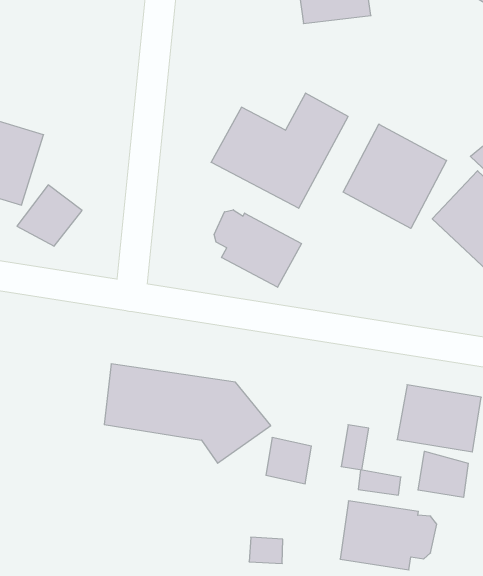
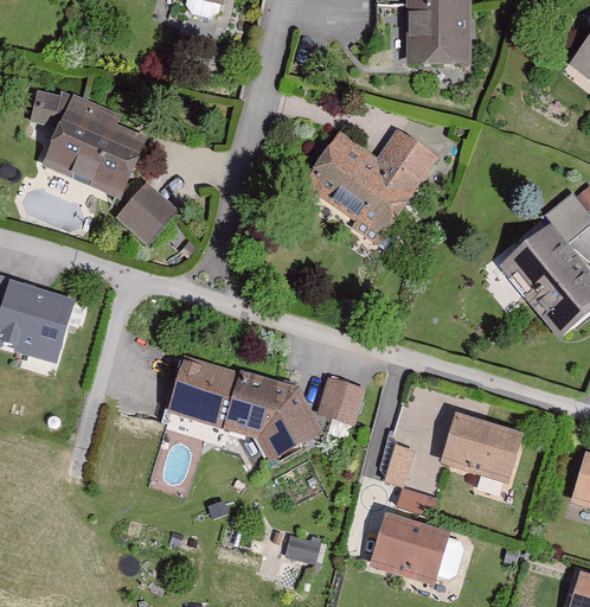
building: [343,124,447,228] -> none
building: [214,210,301,287] -> none
building: [266,438,311,484] -> [316,371,363,418]
building: [418,451,468,497] -> none

